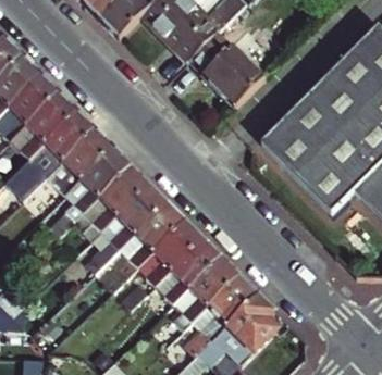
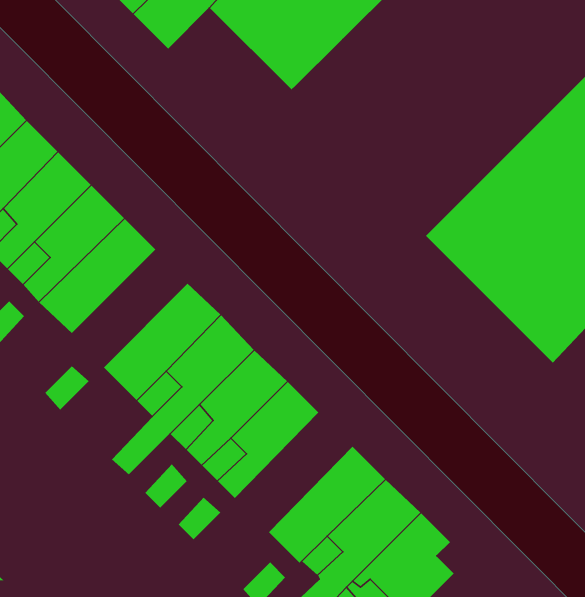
building: [188,30,264,104] -> none
building: [65,147,130,212] -> none
building: [156,237,221,303] -> none

